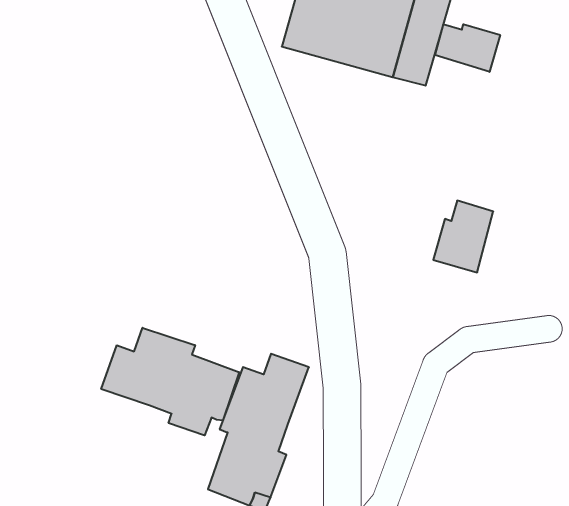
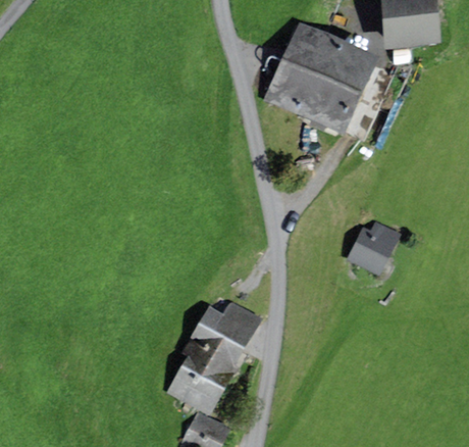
building: [435,24,500,72] -> none
building: [101,328,239,435] -> none

